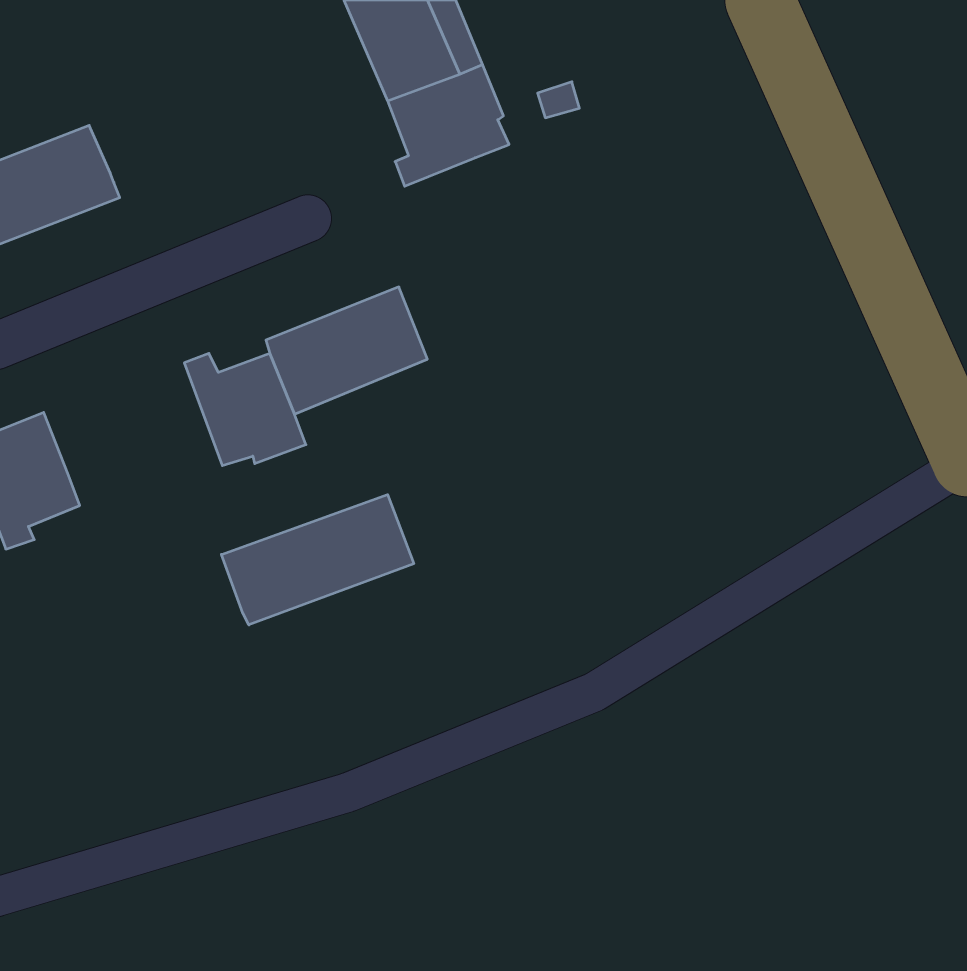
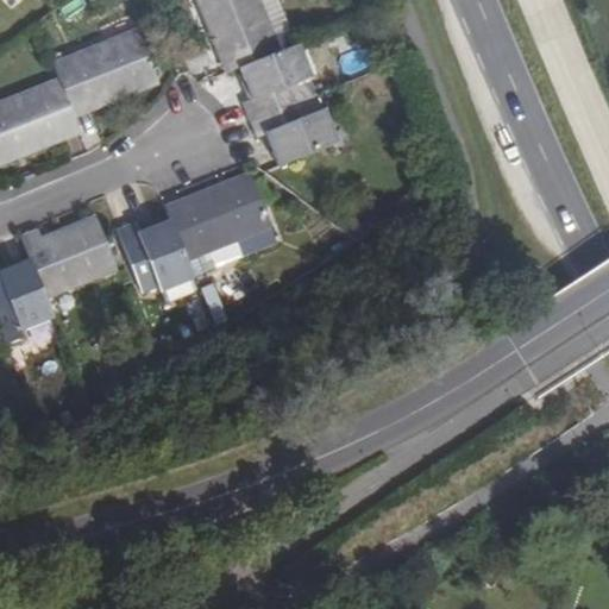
building: none -> [50,29,152,108]
building: none -> [253,99,343,163]
building: none -> [18,224,112,297]
building: [221,495,414,625] -> none

